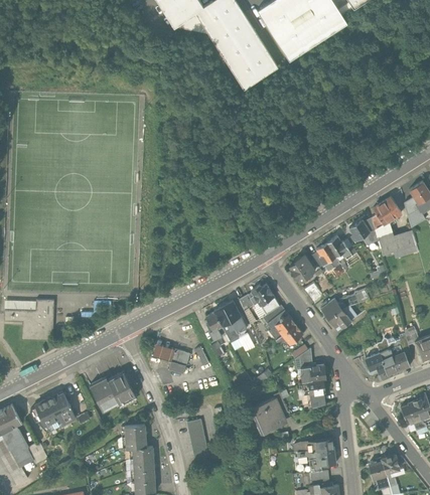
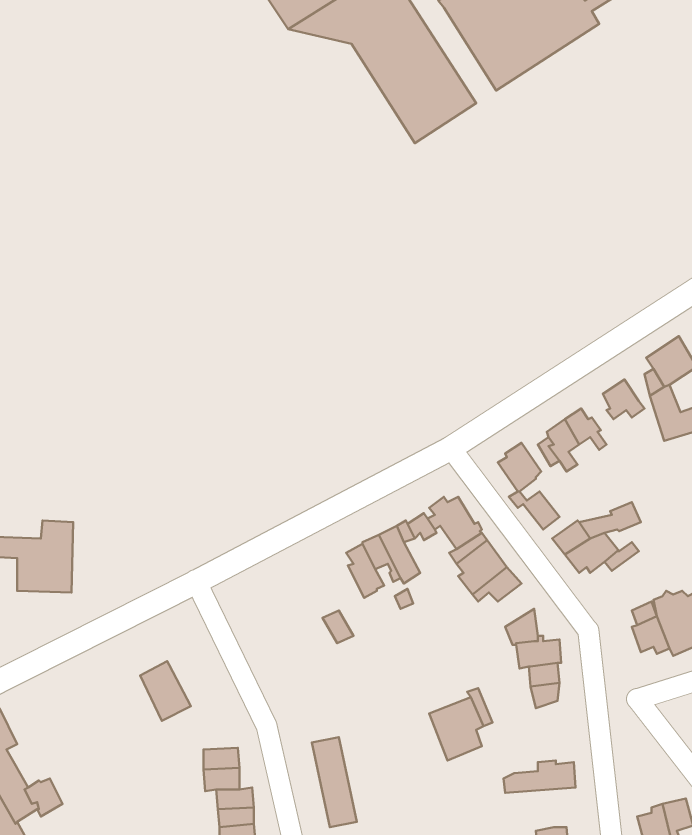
building: [150,343,188,373] -> none
building: [107,372,136,405] -> none
building: [30,392,76,432] -> none
building: [294,448,335,466] -> none

